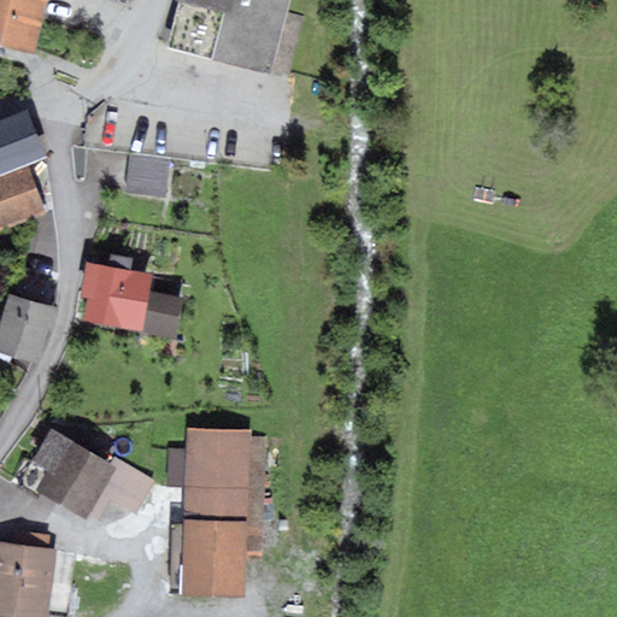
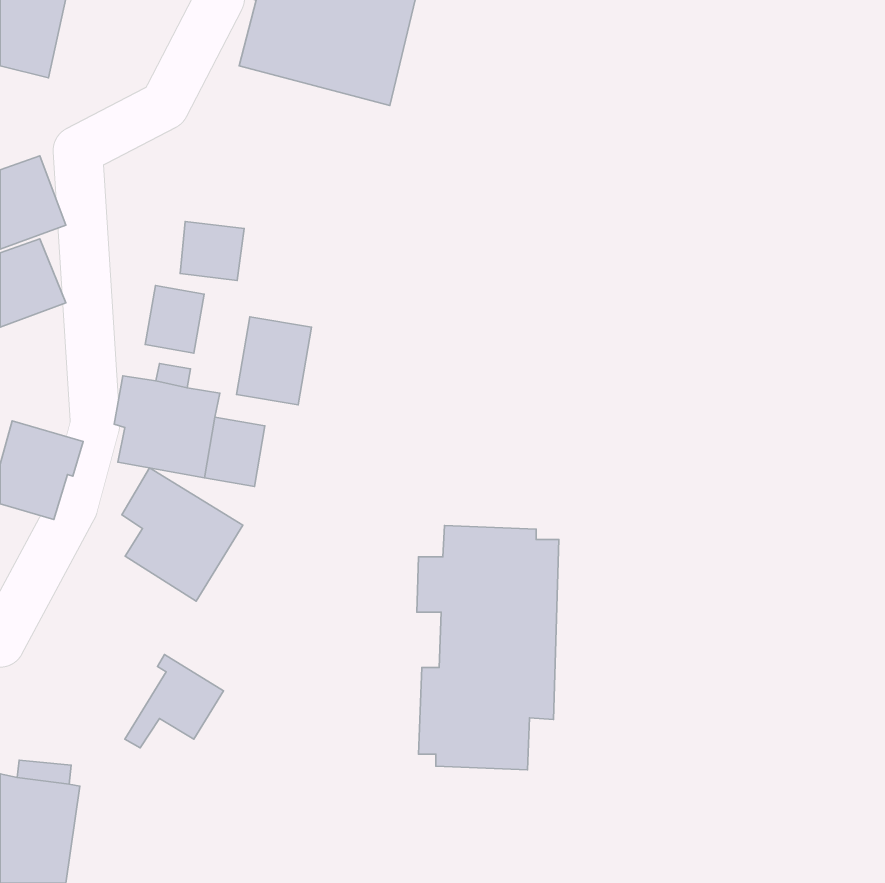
building: none -> [145,286,204,353]
building: none -> [237,317,312,405]
building: [169,425,268,595] -> [417,526,559,770]
building: [31,428,116,521] -> [122,468,243,601]

